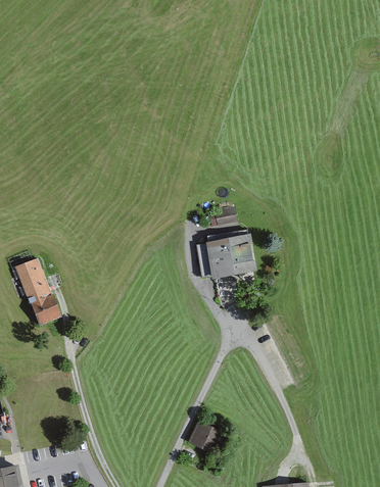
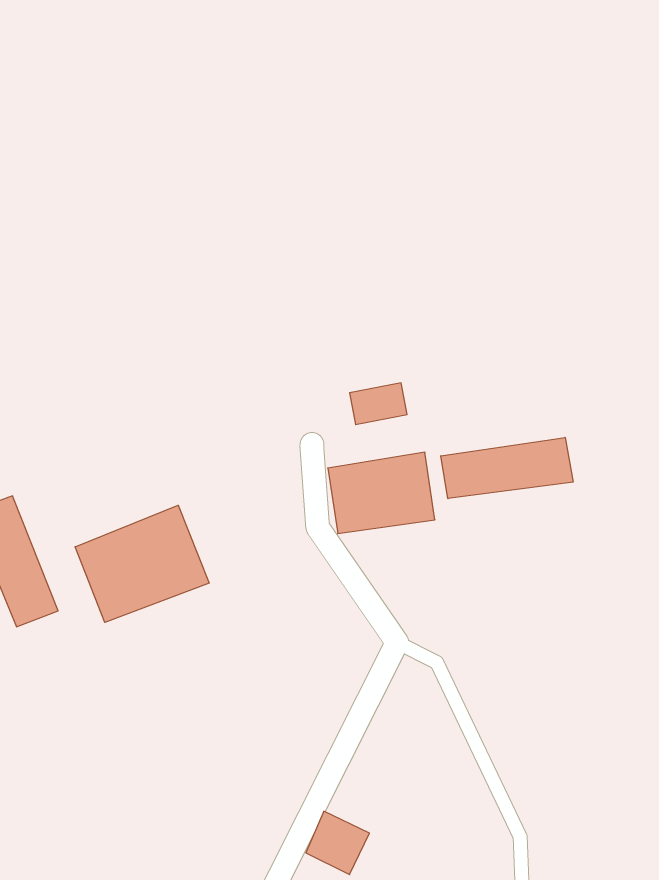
building: none -> [441,437,573,499]
building: none -> [75,505,209,622]

